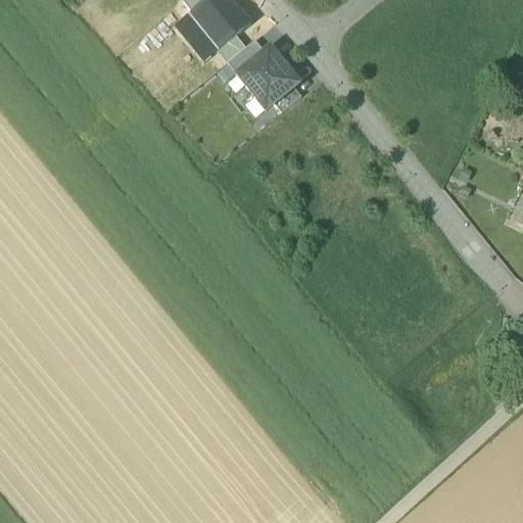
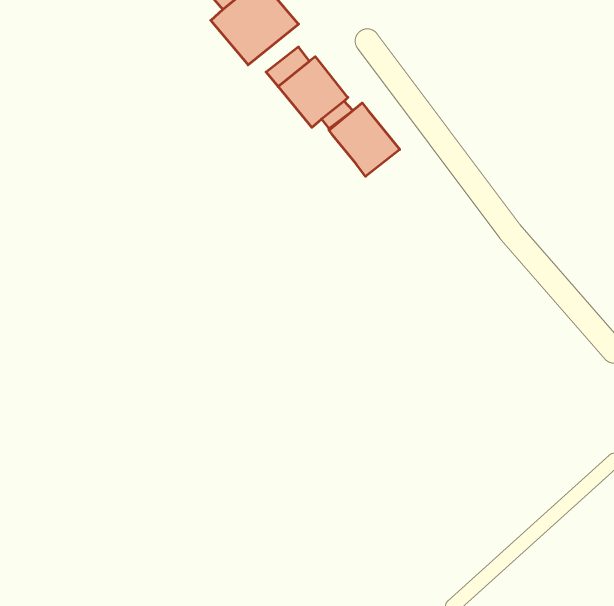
building: none -> [329,103,400,176]

